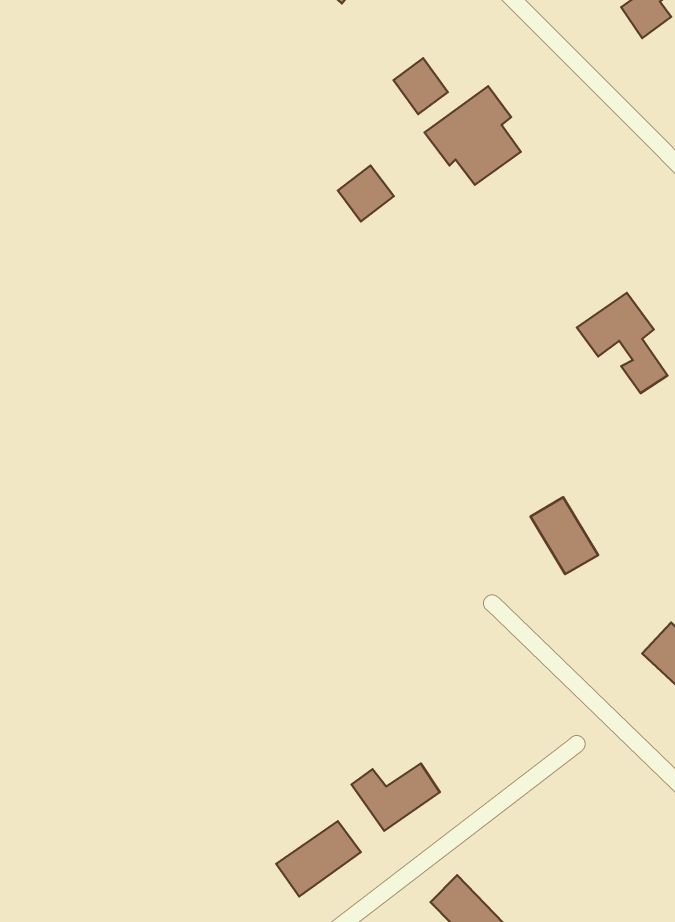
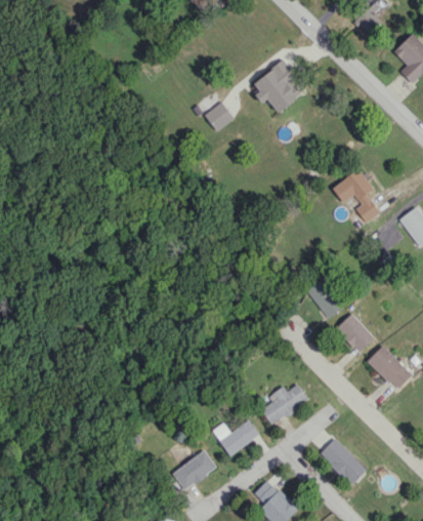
building: [394,58,448,114] -> none
building: none -> [336,313,375,353]
building: none -> [261,384,308,425]
building: none -> [320,438,367,485]

